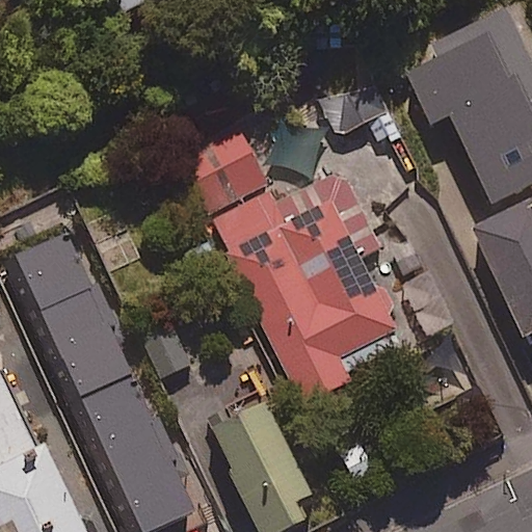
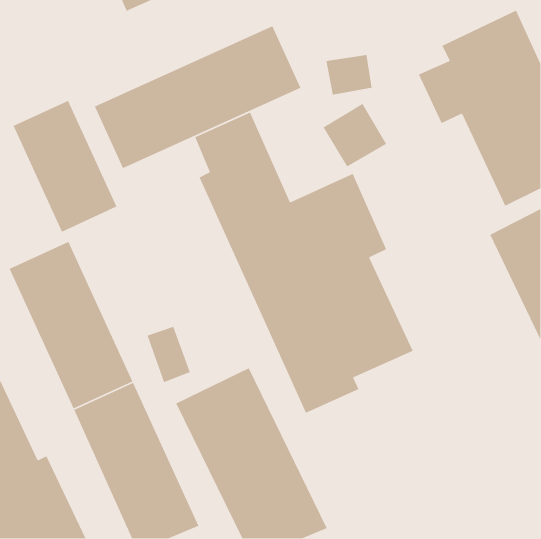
building: none -> [94,25,302,169]
building: none -> [12,100,118,233]

